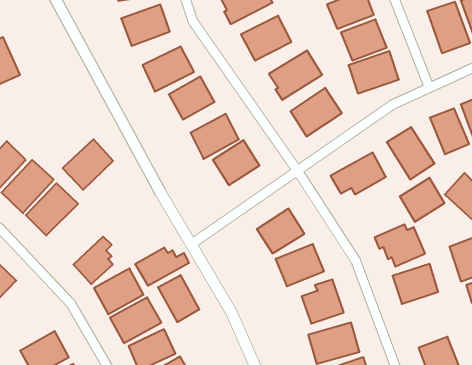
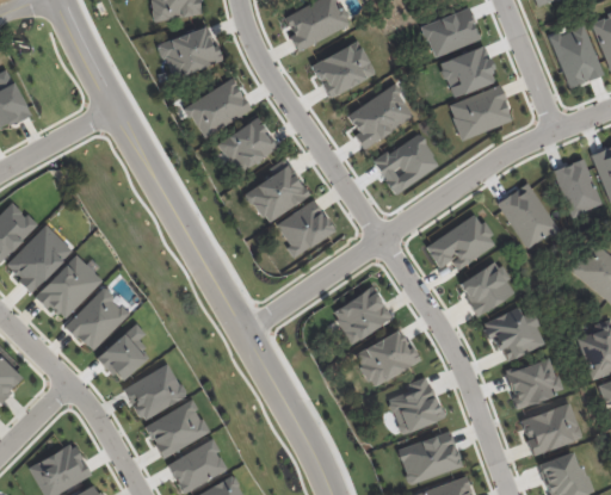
building: [63,139,113,190] -> [64,287,129,352]
building: [400,178,445,222] -> [458,260,516,316]
building: [135,247,189,286] -> none
building: [158,275,199,322] -> none
building: none -> [519,402,582,456]

